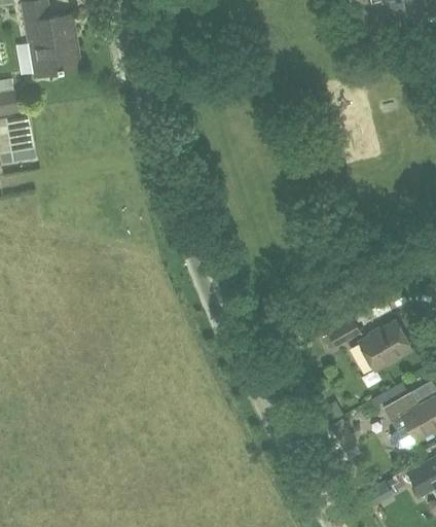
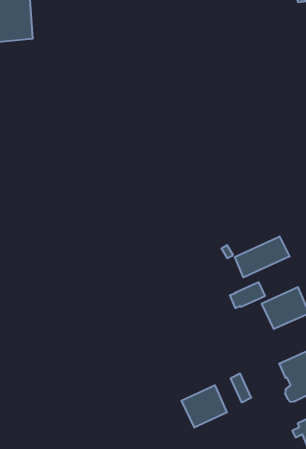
building: none -> [235,236,290,277]
building: none -> [181,385,227,428]

